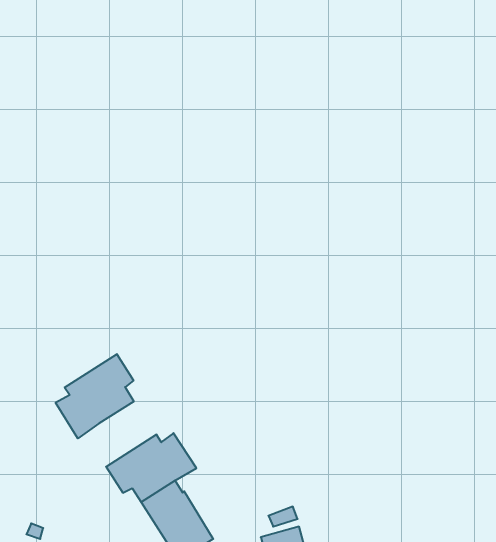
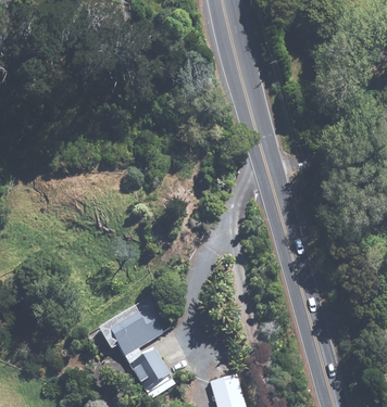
building: [56,354,134,438] -> none

